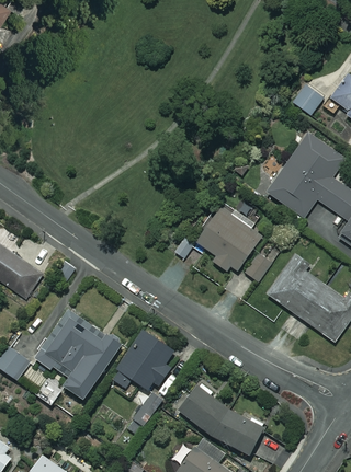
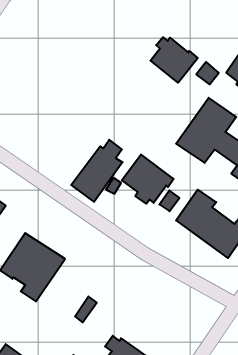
building: none -> [150,37,198,83]
building: none -> [71,140,123,202]
building: [111,329,174,389] -> none
building: [180,384,263,457] -> none

